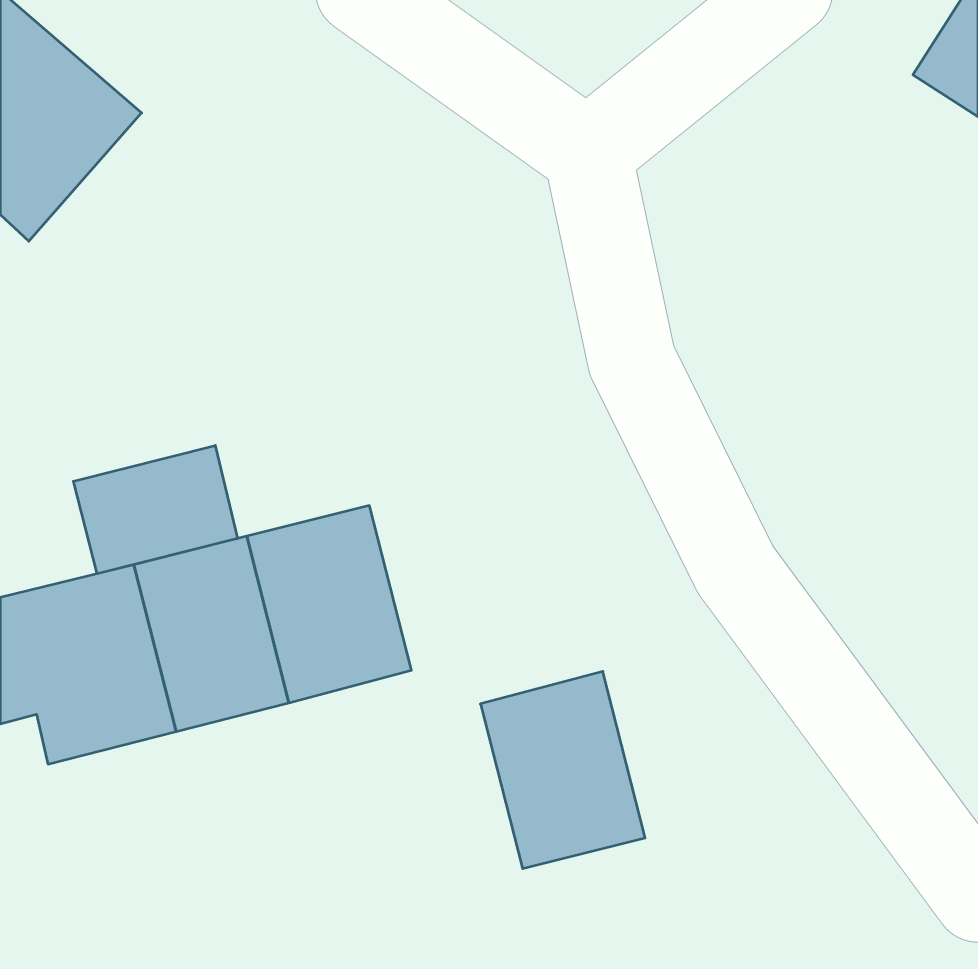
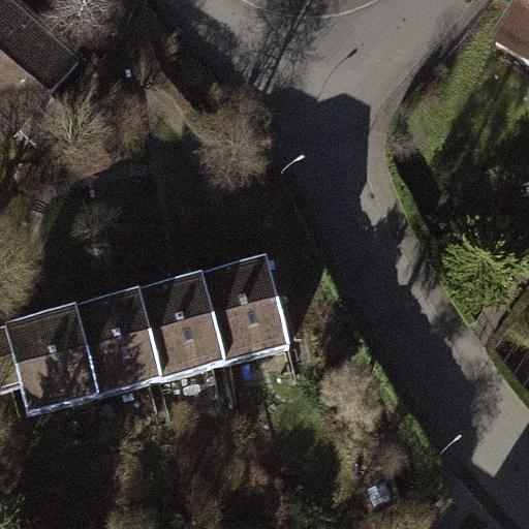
building: [73,445,237,574] -> none
building: [480,671,645,869] -> [199,255,288,362]

